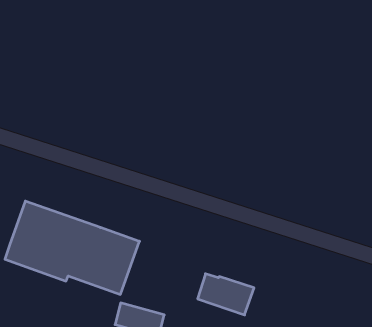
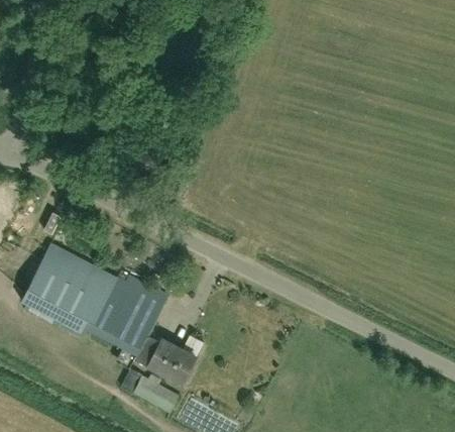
building: [198,274,254,315] -> [136,335,198,385]

